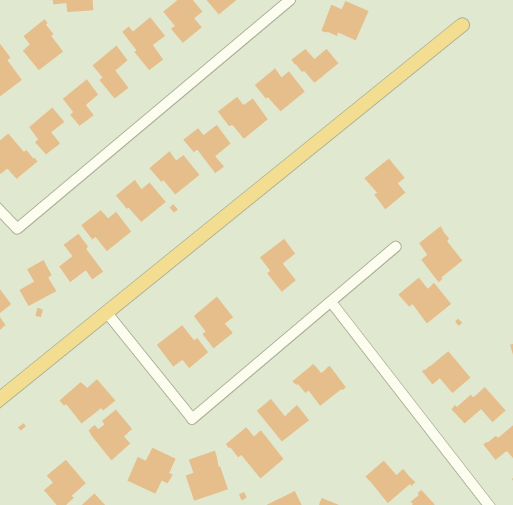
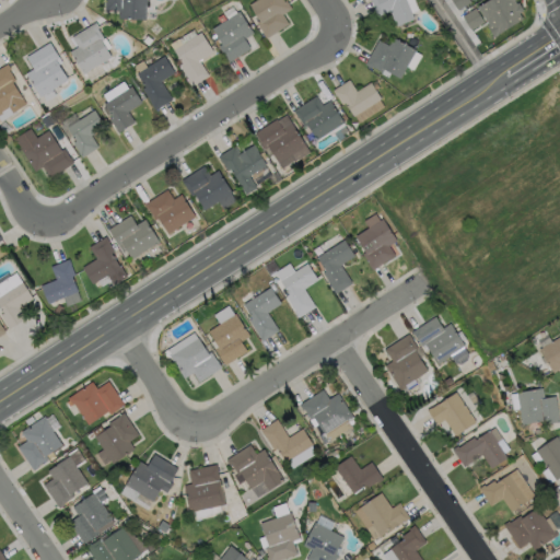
building: [364,157,406,210] -> [355,220,397,271]
building: none -> [317,241,355,294]
building: [418,225,464,283] -> [386,335,429,392]
building: none -> [244,288,282,342]
building: none -> [19,417,62,470]
building: none -> [336,457,384,494]

